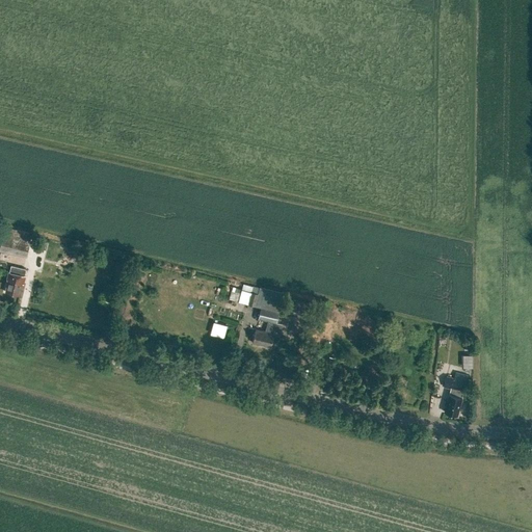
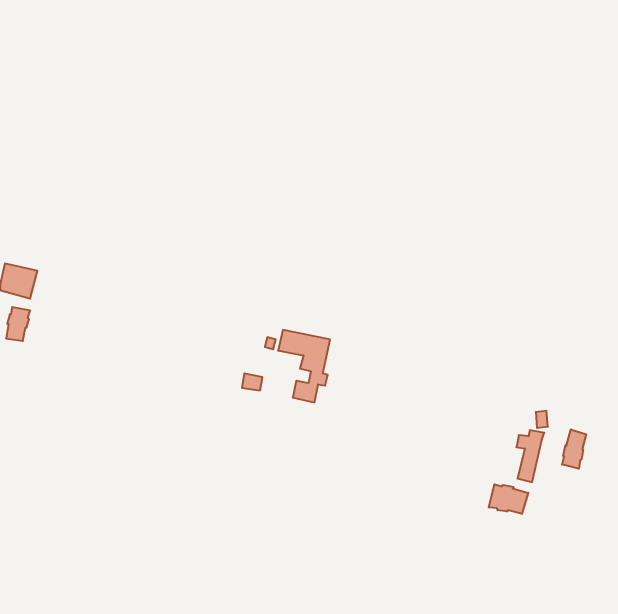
building: none -> [562,429,586,469]
building: none -> [489,484,528,514]

